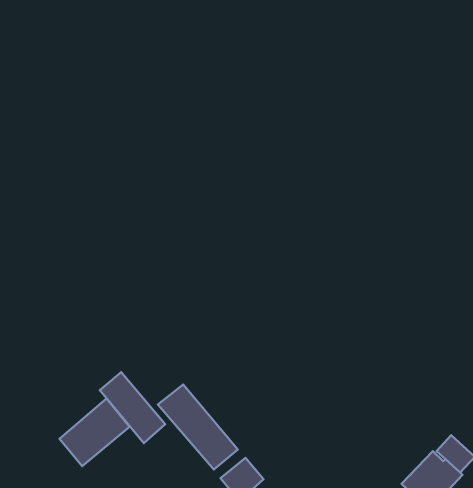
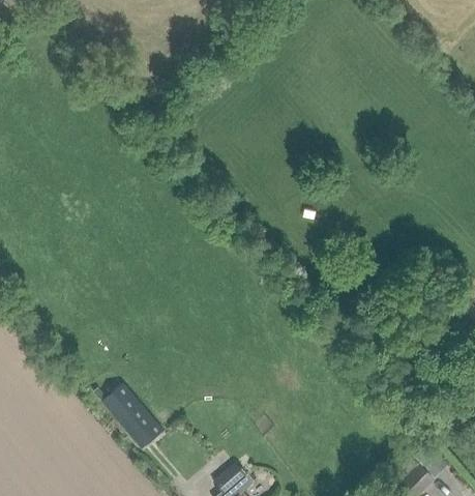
building: [158,384,238,470] -> none
building: [59,398,129,466] -> none

